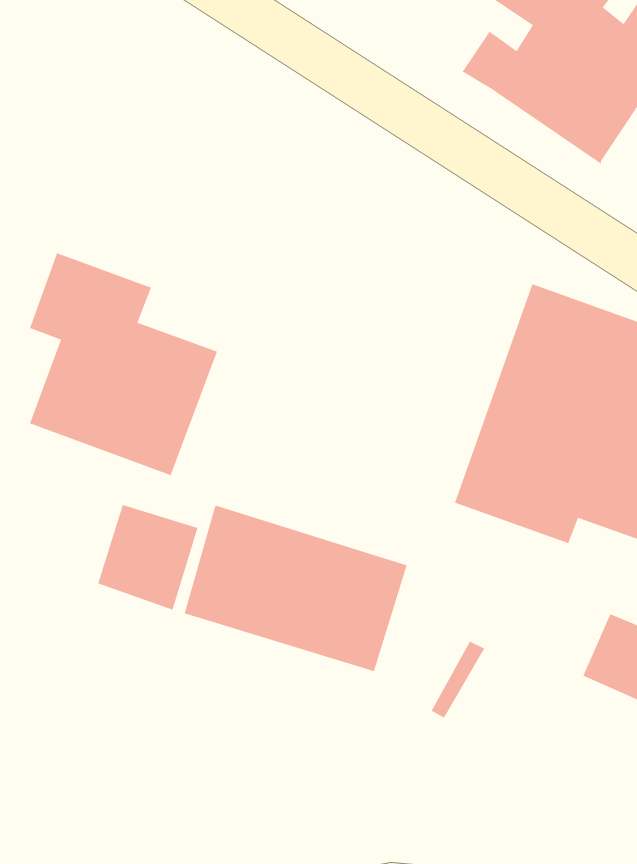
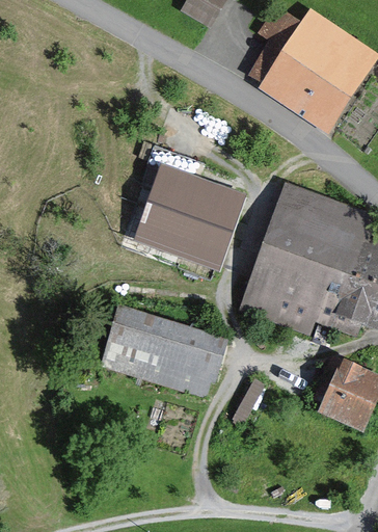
building: [29,253,218,476] -> [140,145,241,265]
building: [97,504,198,611] -> none

